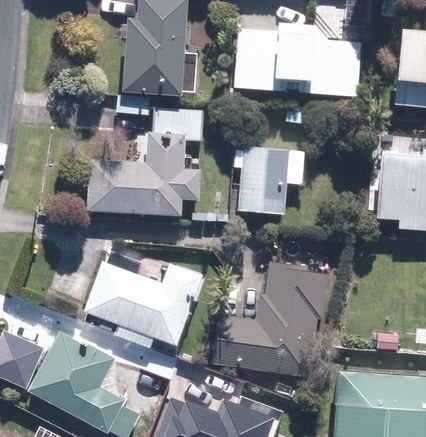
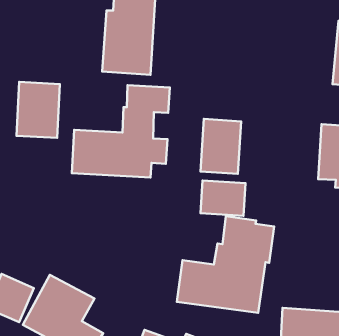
building: [235,23,362,97] -> none
building: none -> [16,82,60,138]
building: none -> [200,180,245,216]
building: [85,262,201,344] -> none

